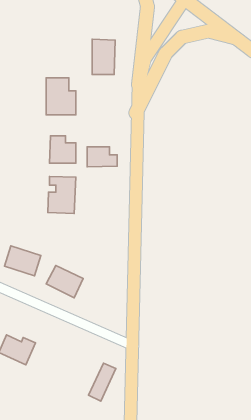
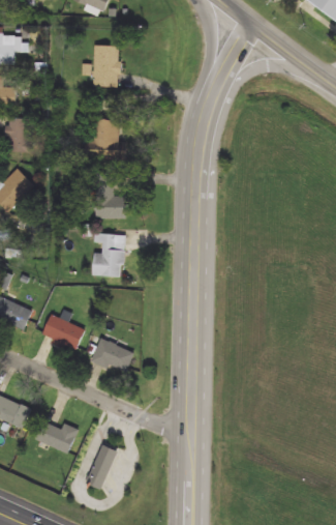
building: [92,39,115,74] -> [93,45,120,86]
building: [87,147,117,167] -> none
building: [88,363,116,401] -> [86,442,118,487]

